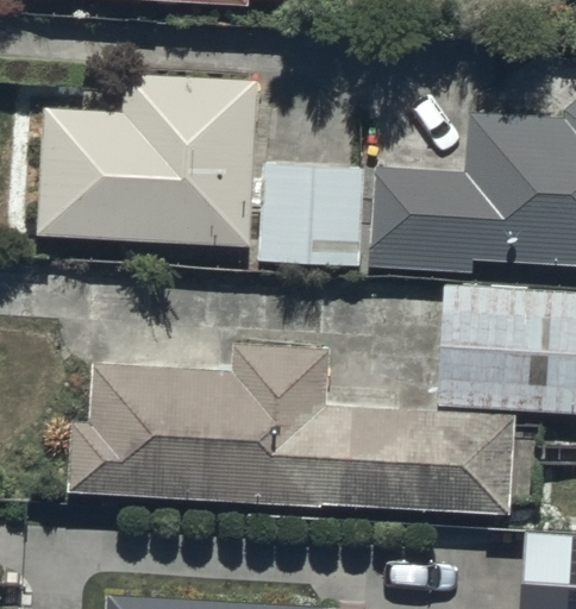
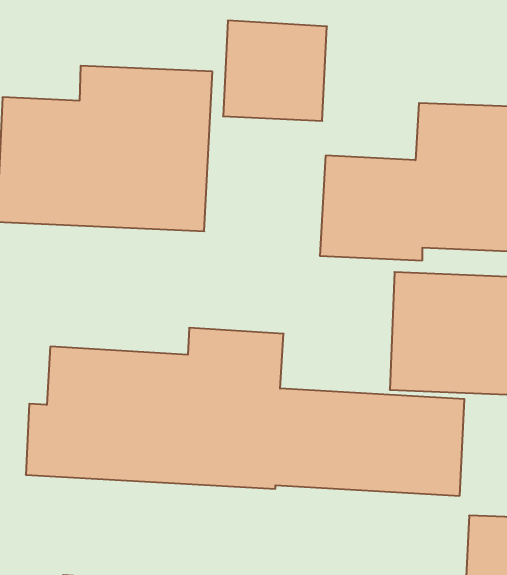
building: [258,163,364,265] -> [223,21,327,121]

